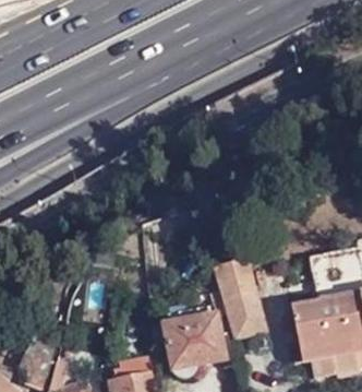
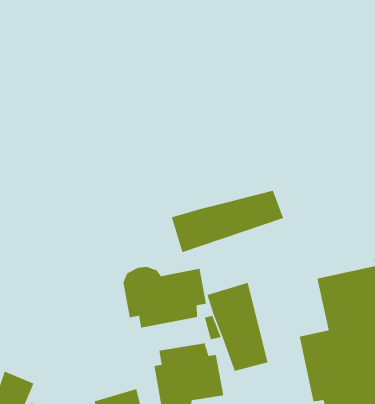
building: none -> [171,190,284,253]
building: none -> [123,266,207,329]

